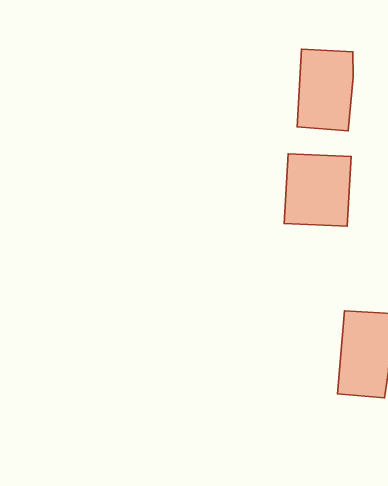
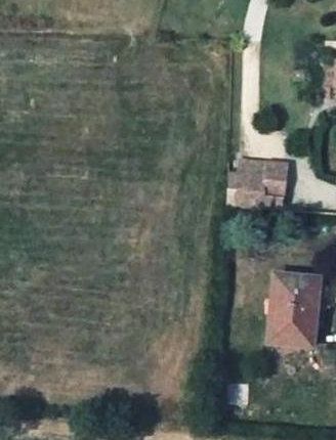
building: [297,49,353,131] -> none

